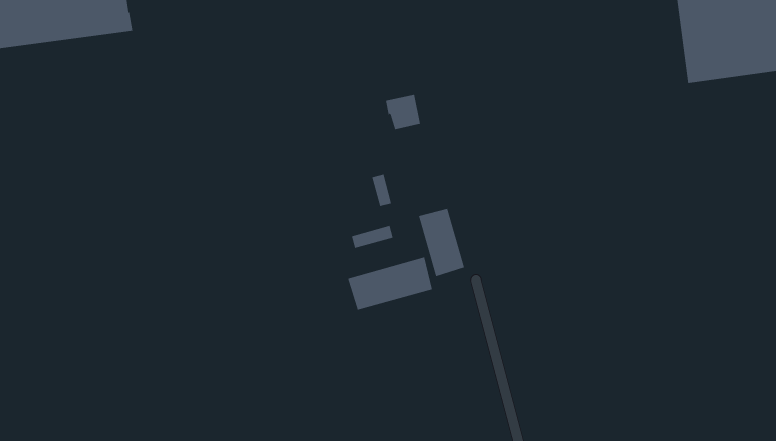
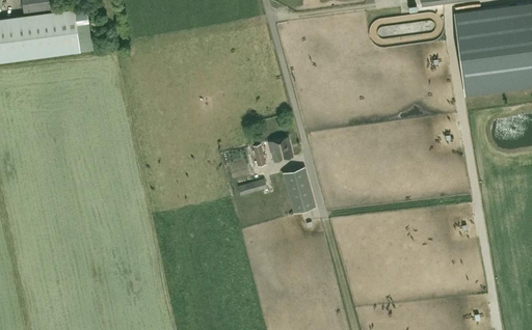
building: [385,94,421,130] -> [268,138,292,162]
building: [348,257,433,311] -> none

